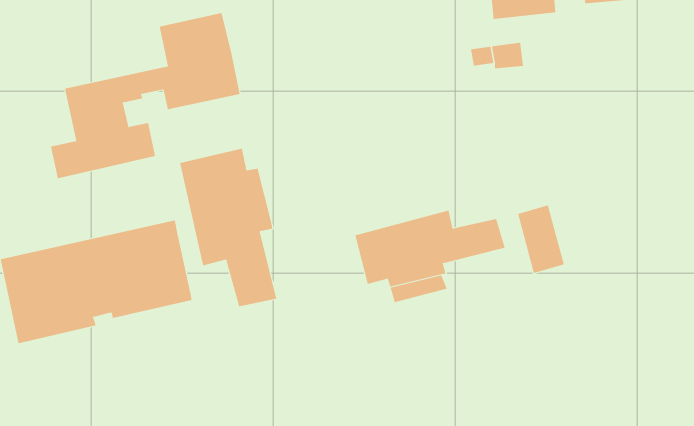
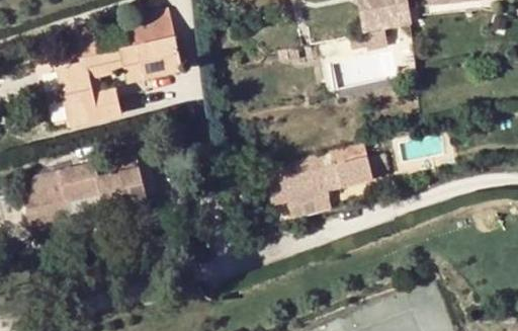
building: [180,148,277,307] -> none
building: [517,205,564,274] -> none

